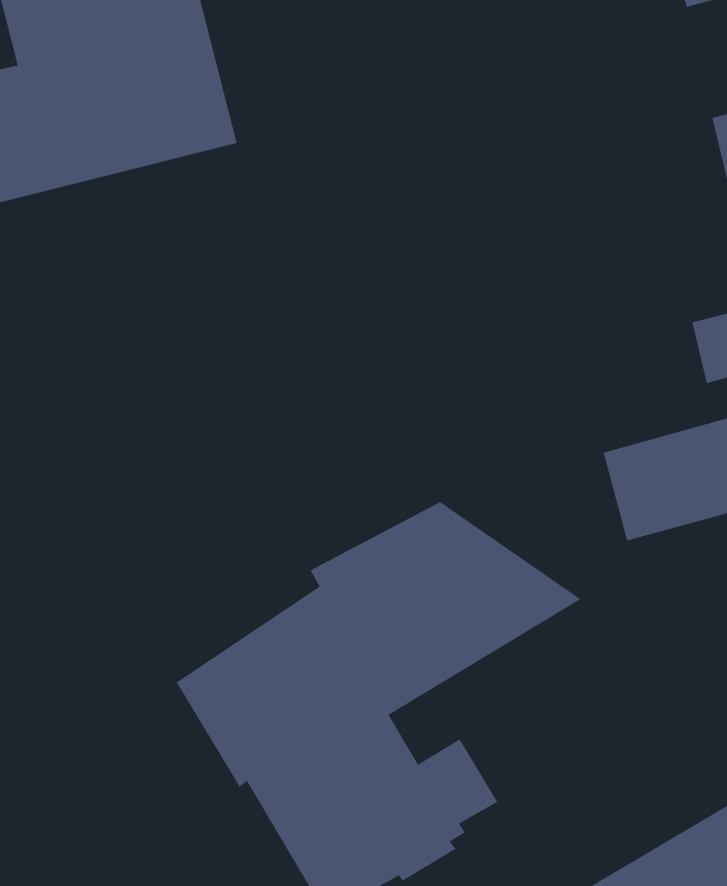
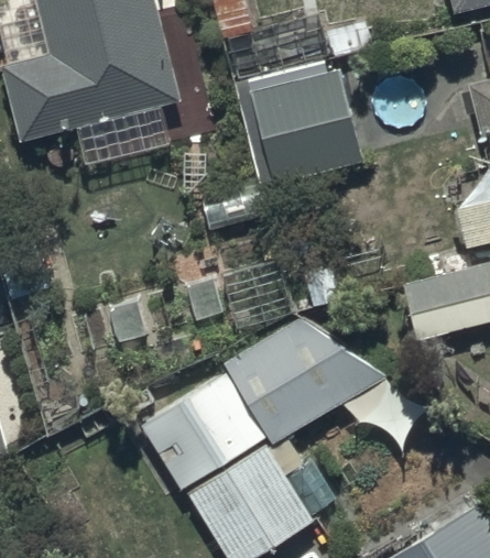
building: none -> [249,69,366,184]

